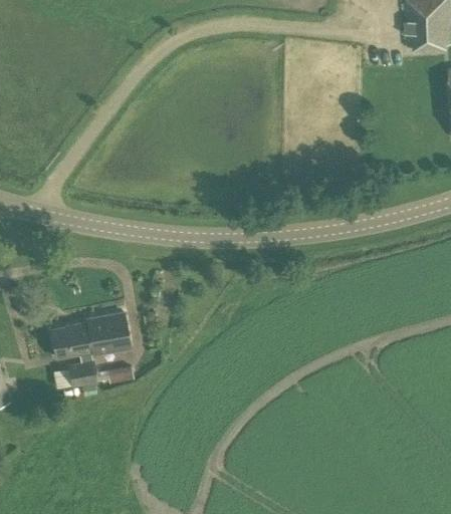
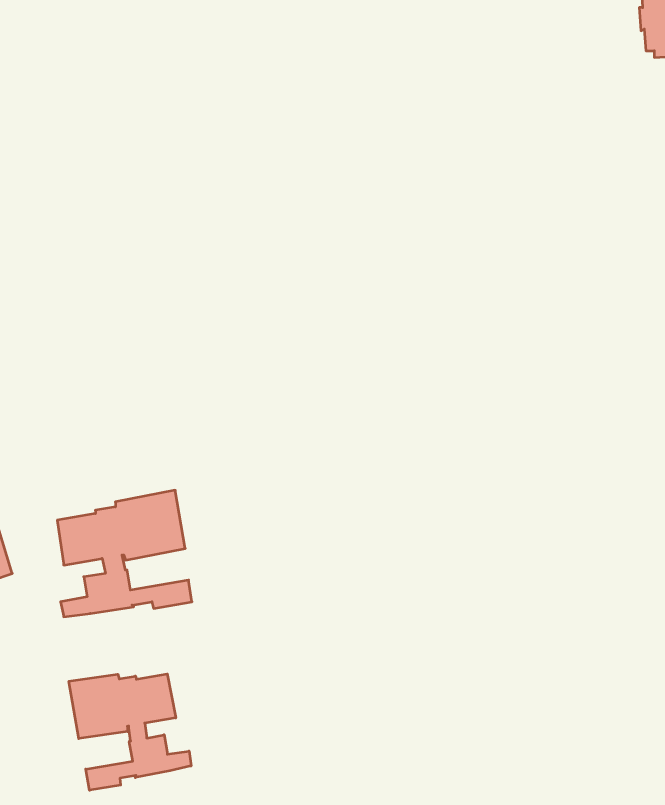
building: none -> [69,674,191,790]

